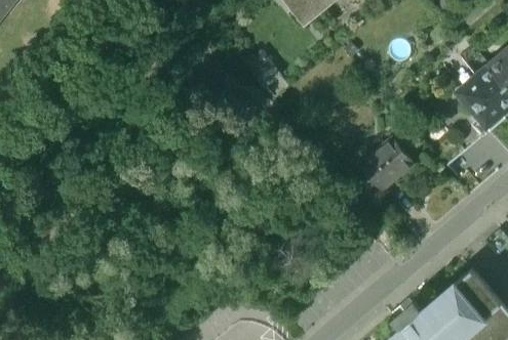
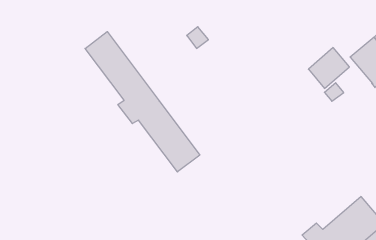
building: none -> [85,32,200,172]
building: [362,144,415,197] -> [308,48,349,88]

